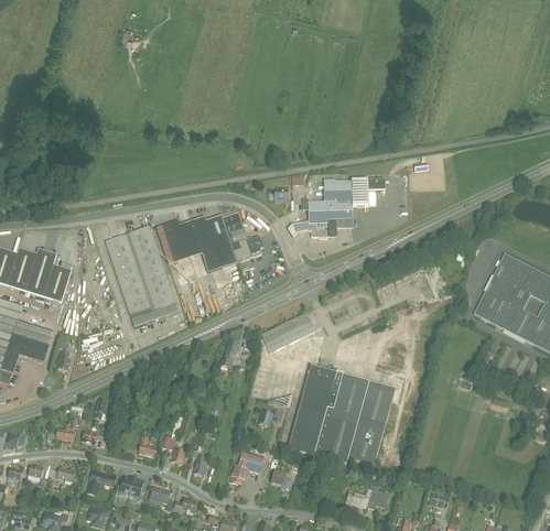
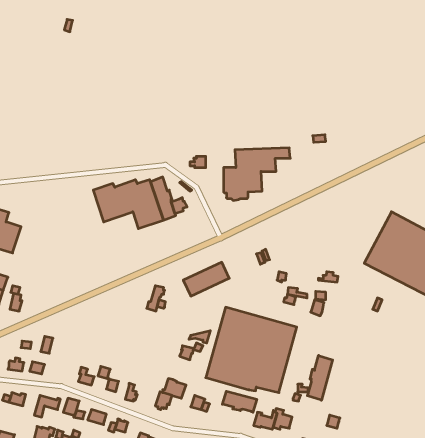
building: [105,227,177,326] -> none
building: none -> [307,355,333,400]
building: none -> [222,391,257,412]

